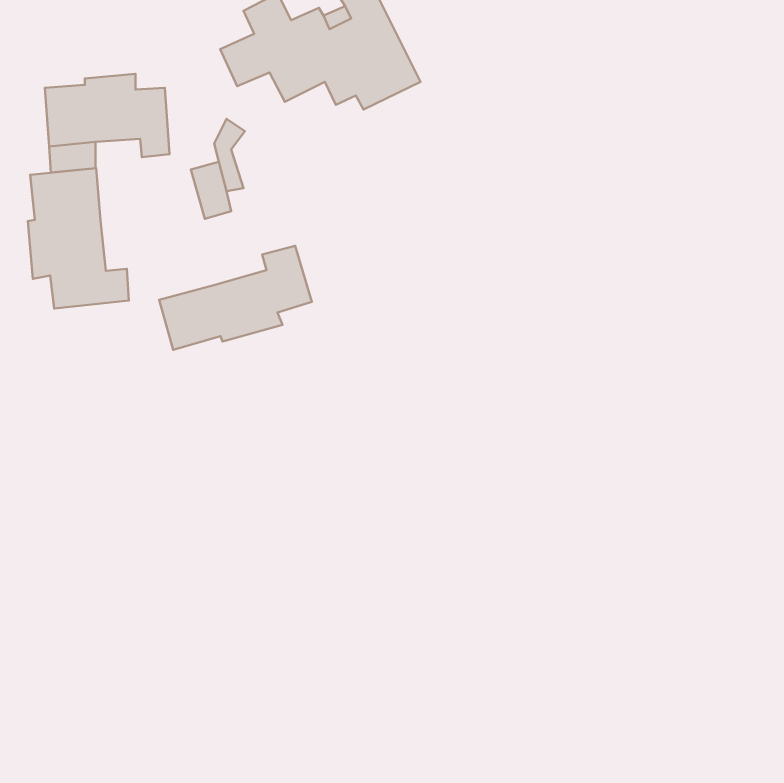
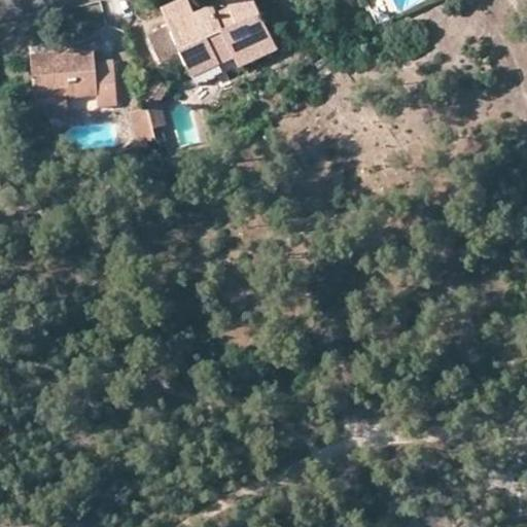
building: [28,168,129,309] -> none
building: [159,246,312,350] -> none

